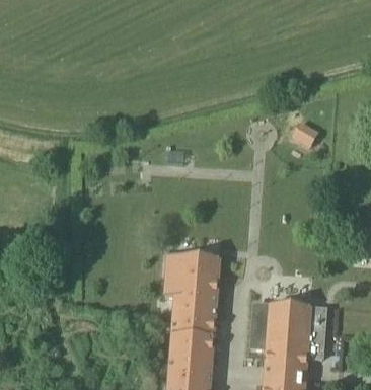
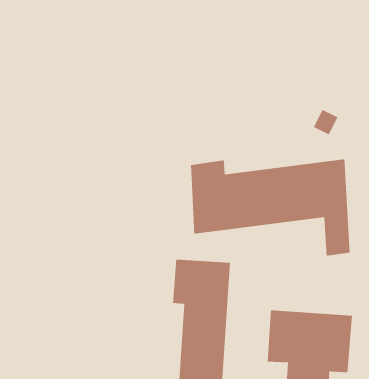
building: none -> [191,159,350,257]

